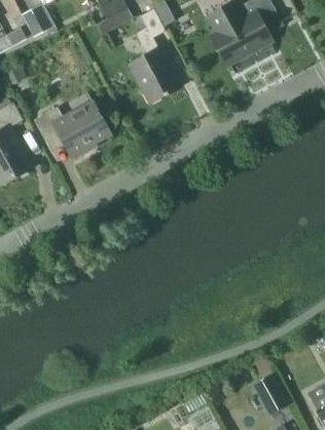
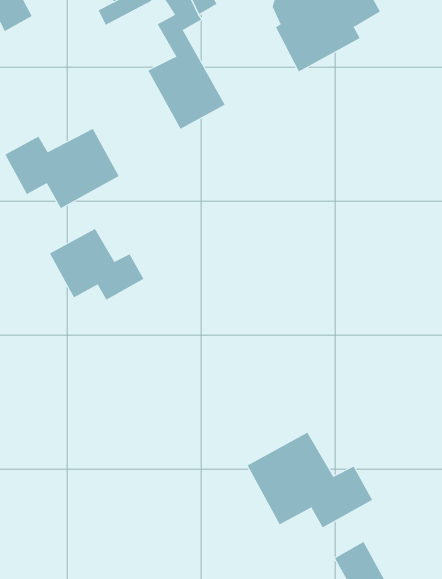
building: none -> [49,228,144,301]
building: none -> [247,432,373,528]

